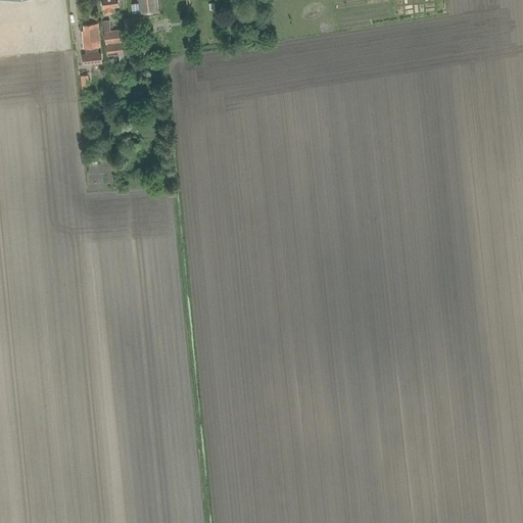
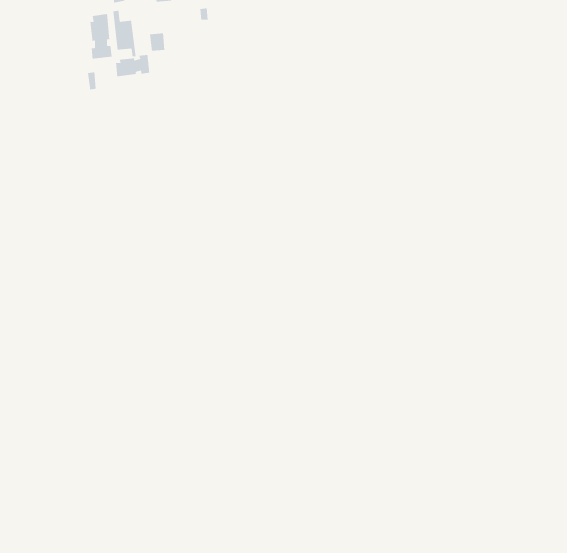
building: none -> [115,54,150,77]

